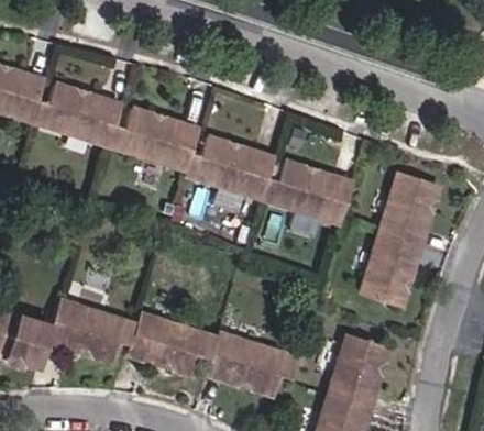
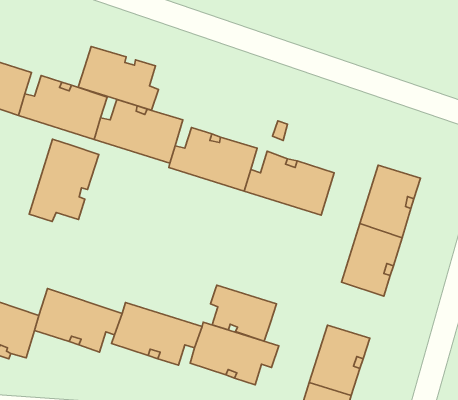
building: none -> [78,47,158,110]
building: none -> [29,139,99,222]
building: none -> [211,285,276,341]

